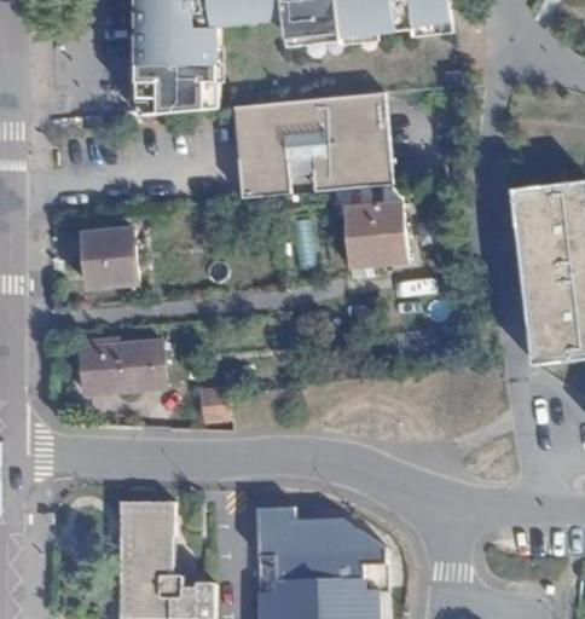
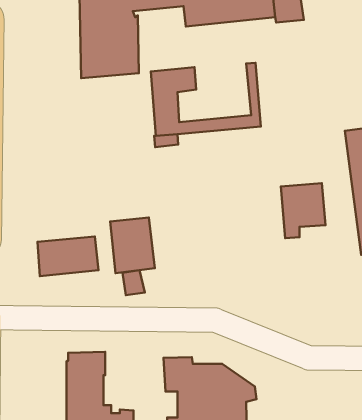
building: [274,96,378,178] -> none
building: [342,202,405,279] -> [281,183,325,238]
building: [81,227,137,287] -> none
building: none -> [110,218,155,273]

